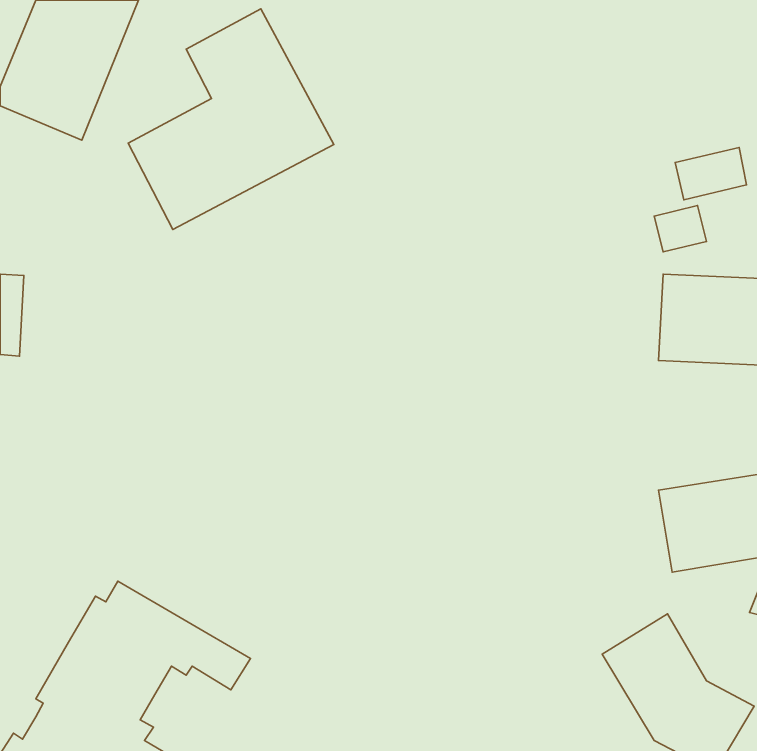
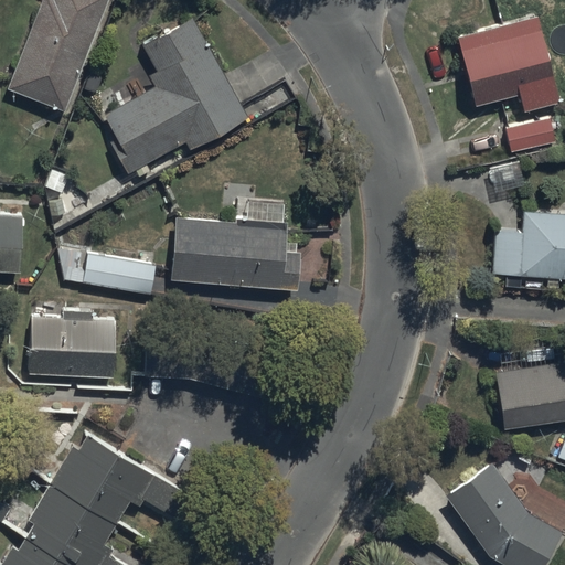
building: none -> [457,17,558,115]
building: none -> [169,213,301,289]
building: none -> [62,253,157,297]
building: none -> [19,315,121,374]

